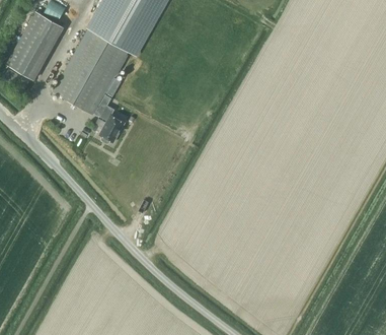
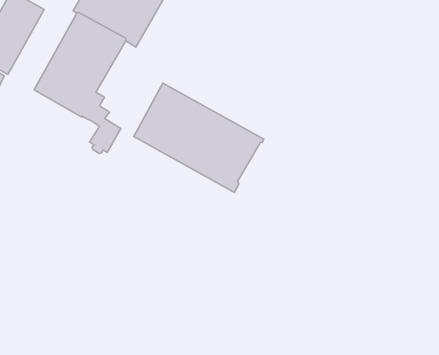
building: none -> [134,83,264,193]

